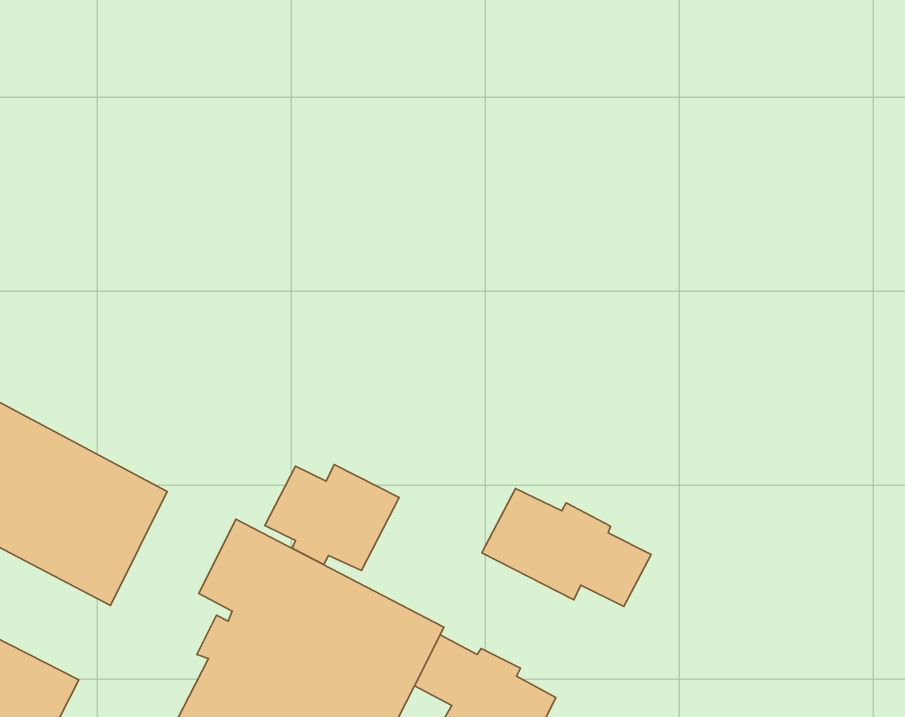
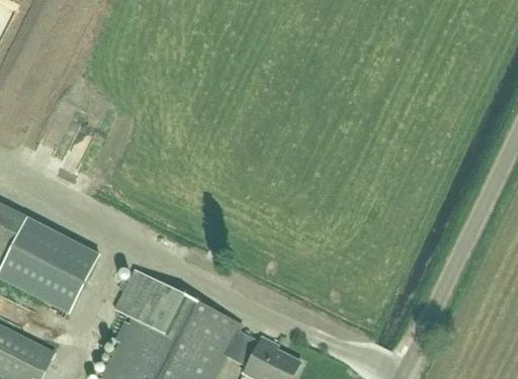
building: [265,464,399,571] -> none
building: [482,489,651,607] -> none

